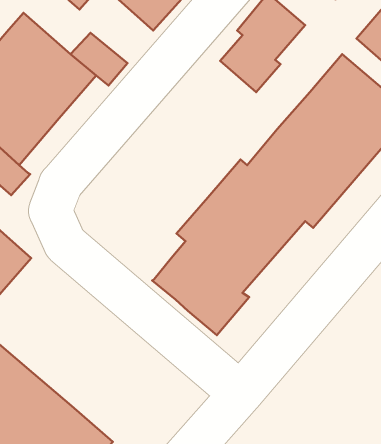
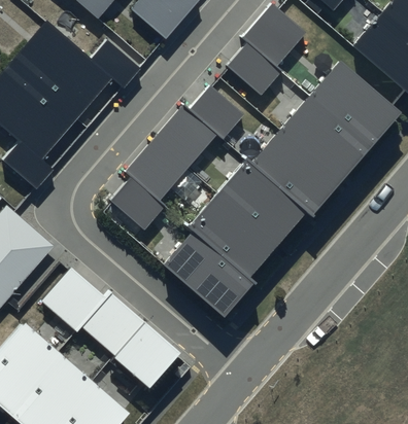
building: none -> [110,84,243,229]
building: none -> [41,267,179,389]

